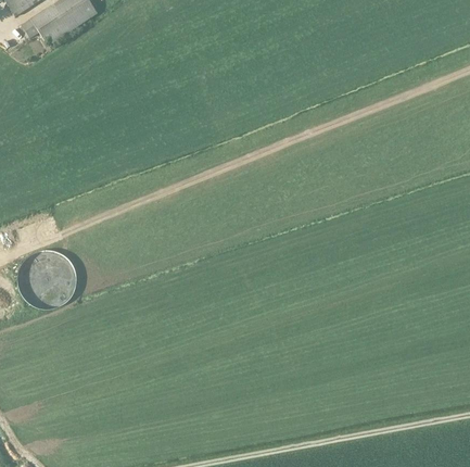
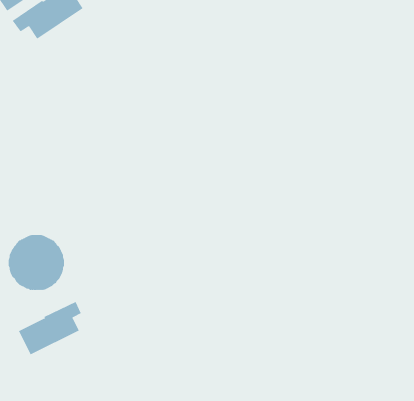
building: none -> [18,301,81,355]

